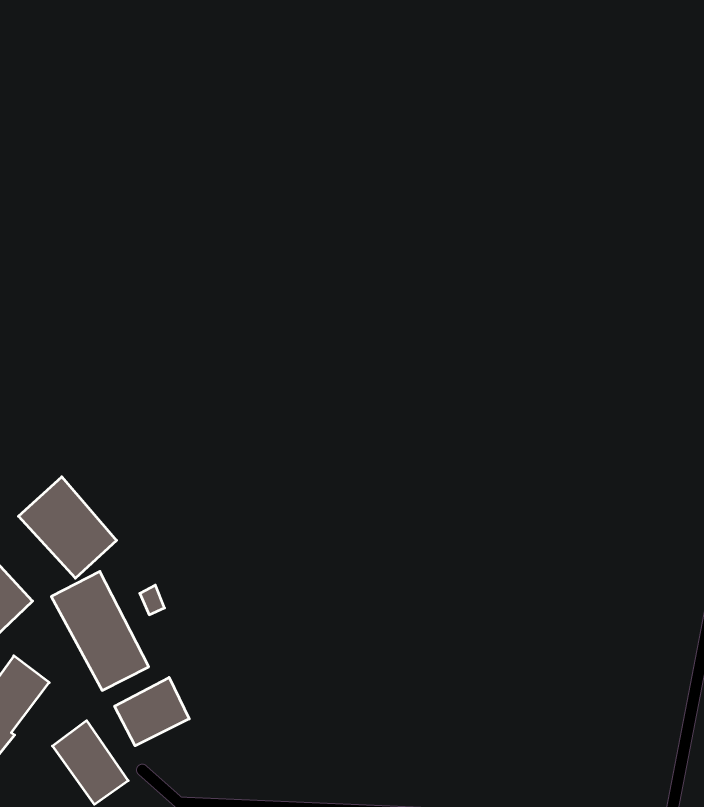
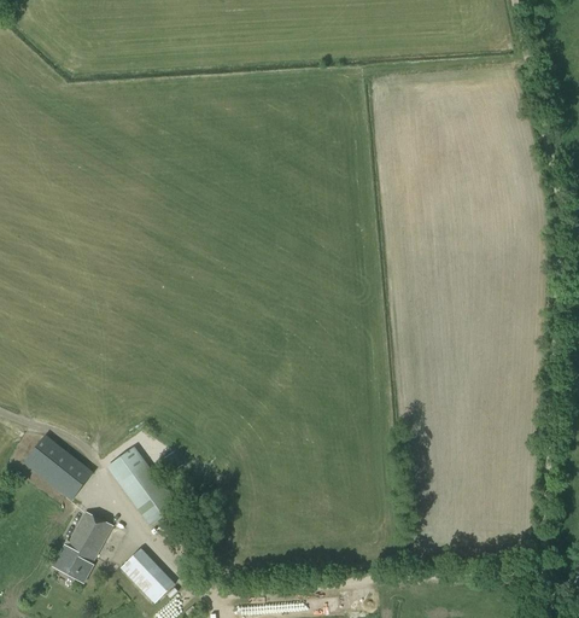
building: [18,477,117,578] -> none
building: [115,677,189,746] -> none

